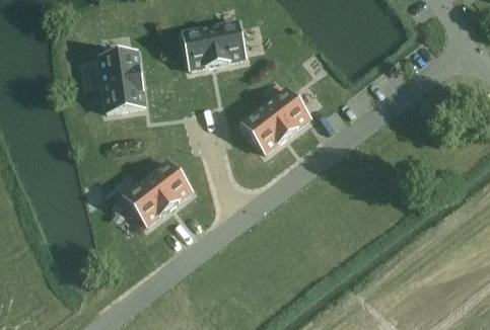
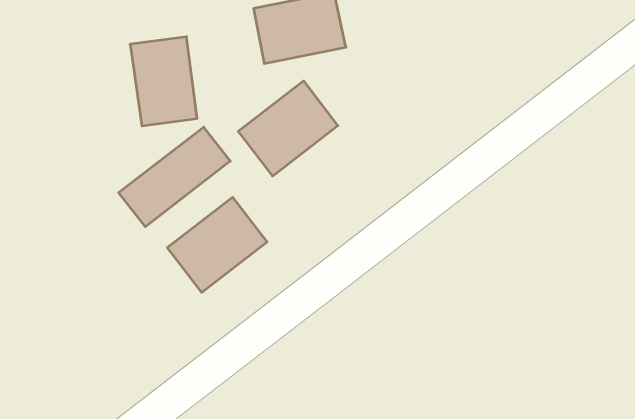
building: [240,87,308,152] -> [238,81,338,176]
building: none -> [119,127,230,227]

